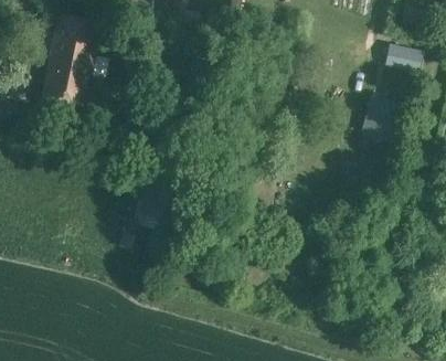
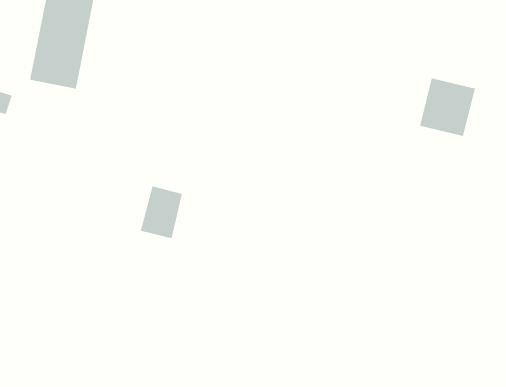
building: [385,45,422,70] -> none

